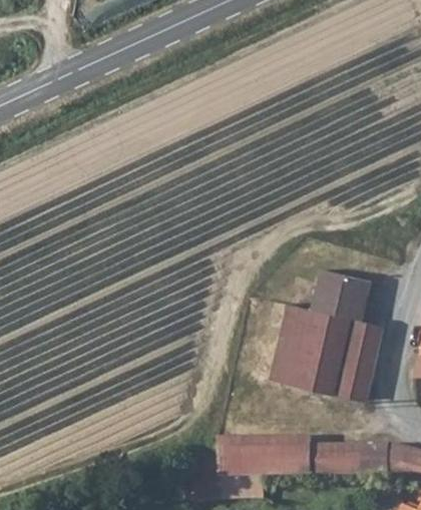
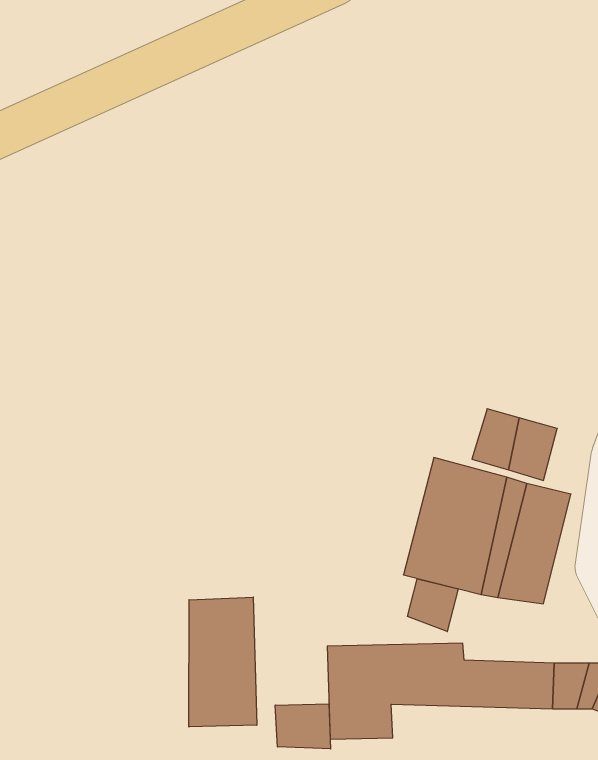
building: none -> [408,579,458,632]
building: none -> [189,597,257,727]
building: none -> [275,704,331,749]

